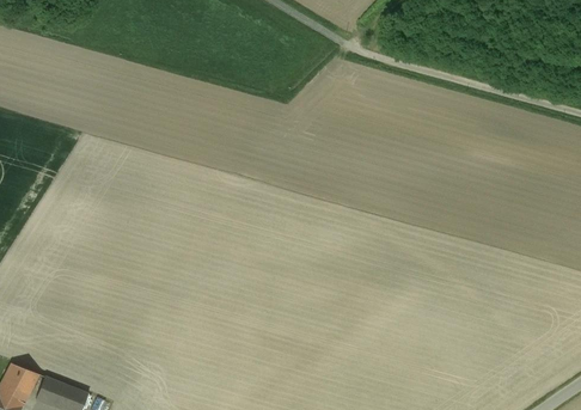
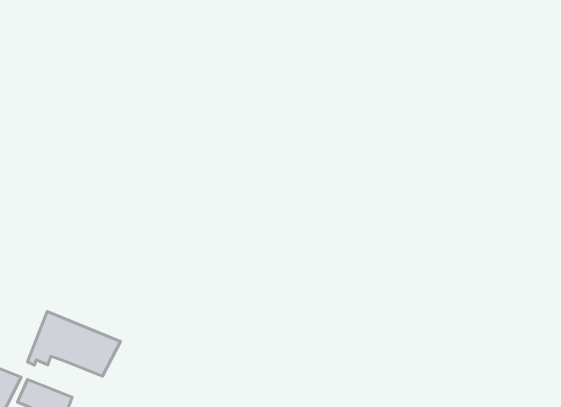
building: none -> [28,312,121,376]

